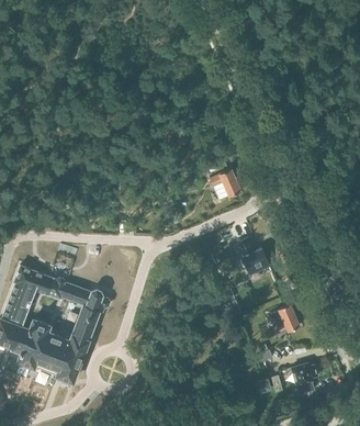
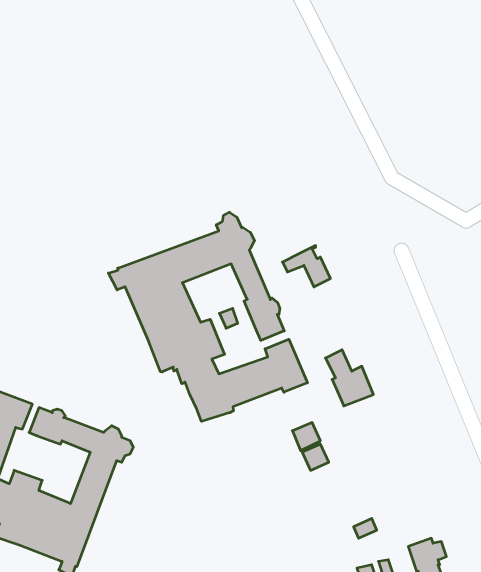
building: none -> [108,212,307,421]
building: [273,305,301,337] -> none

